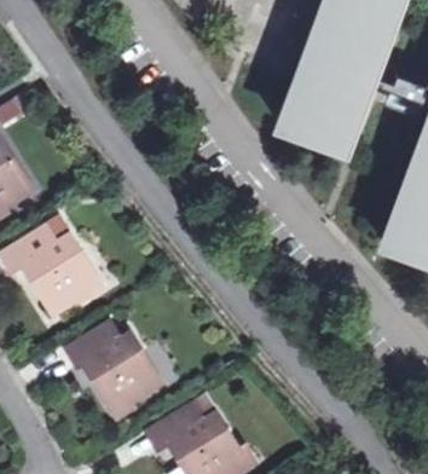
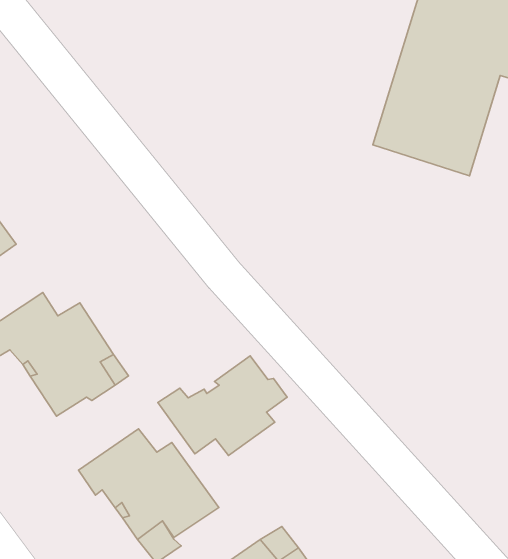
building: none -> [158,356,287,455]

